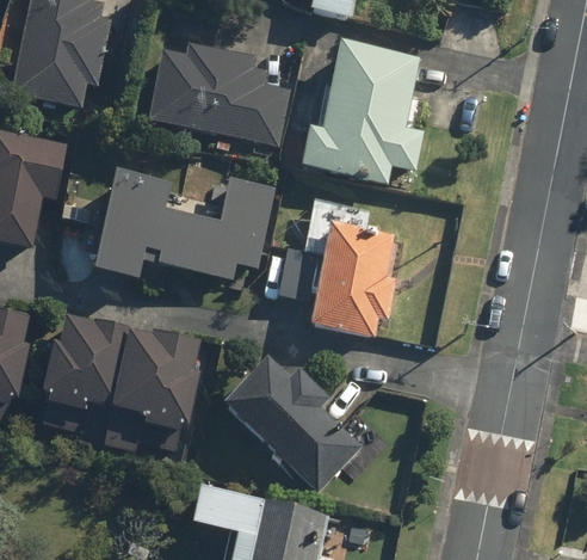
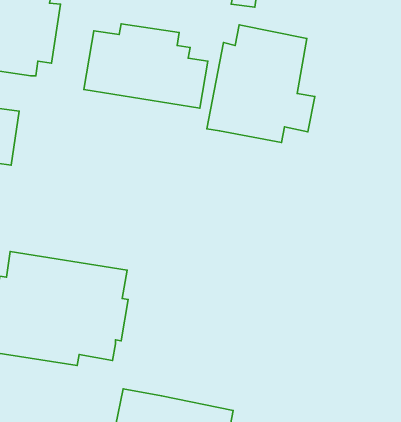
building: [86,171,279,290] -> none
building: [278,201,394,337] -> none
building: [221,356,362,488] -> none

